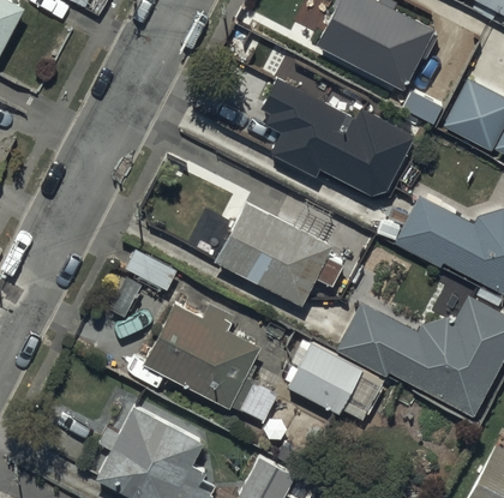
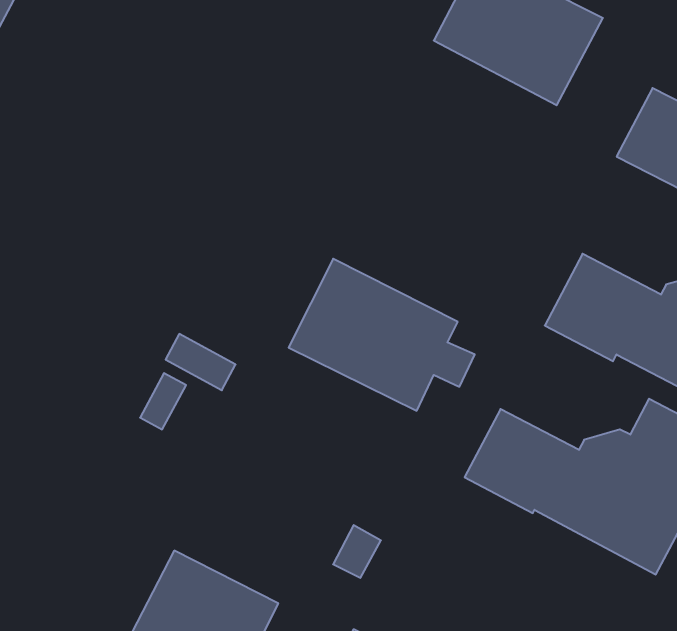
building: [256,76,416,196] -> none
building: [144,305,262,413] -> none
building: [289,344,362,414] -> none

